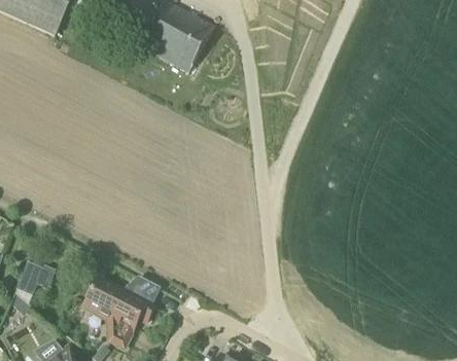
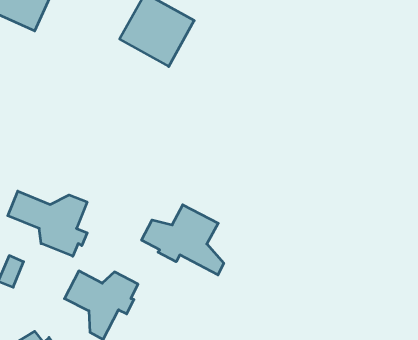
building: none -> [8,191,87,256]
building: none -> [142,205,224,275]

